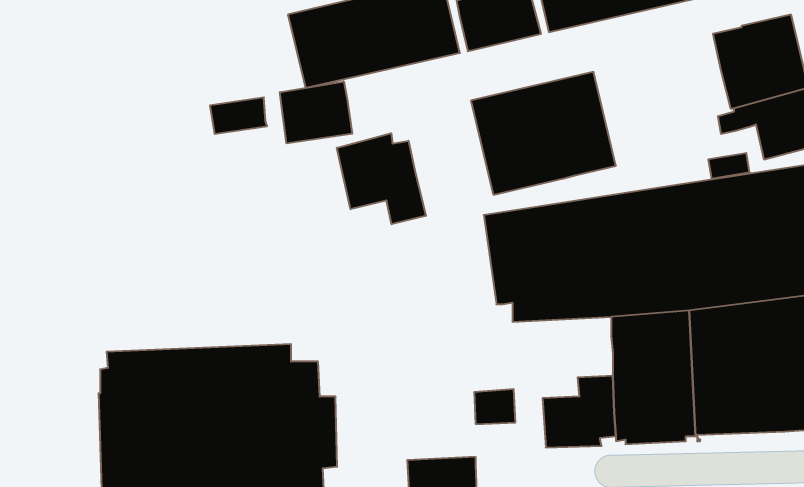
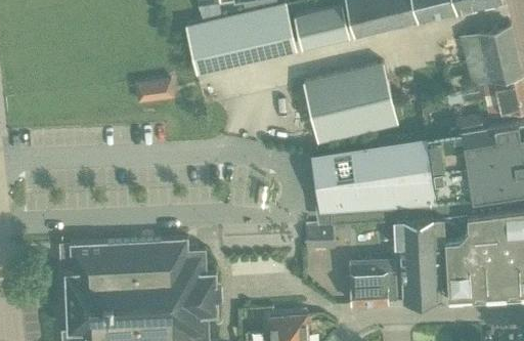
building: [280,81,352,143] -> none
building: [337,133,426,224] -> none
building: [474,389,515,424] -> [306,227,333,250]

